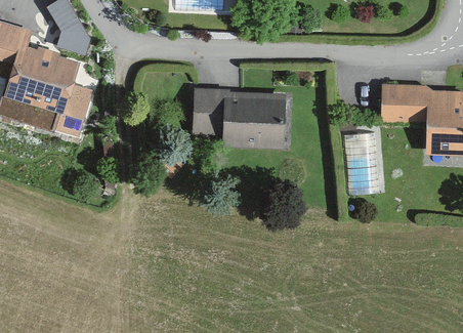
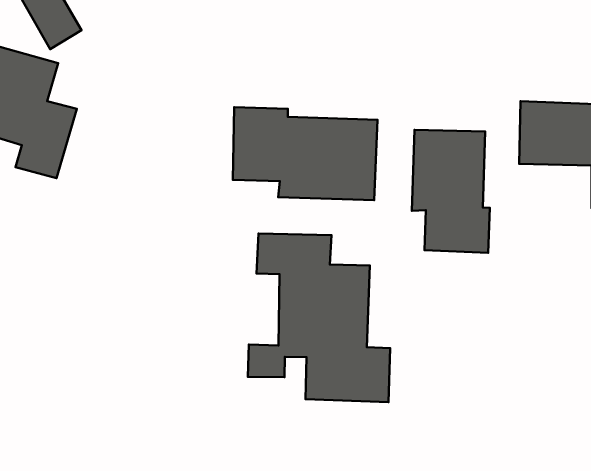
building: none -> [412,130,490,253]
building: none -> [248,233,390,402]

